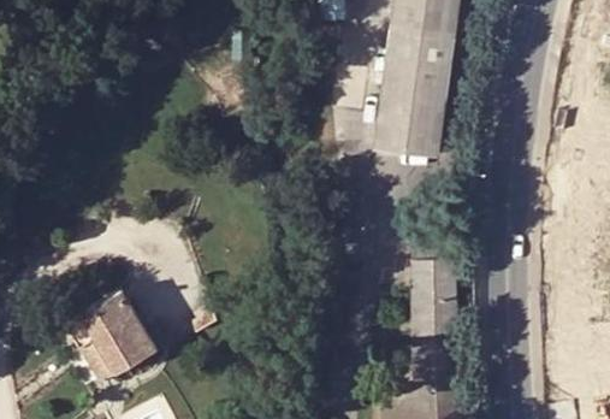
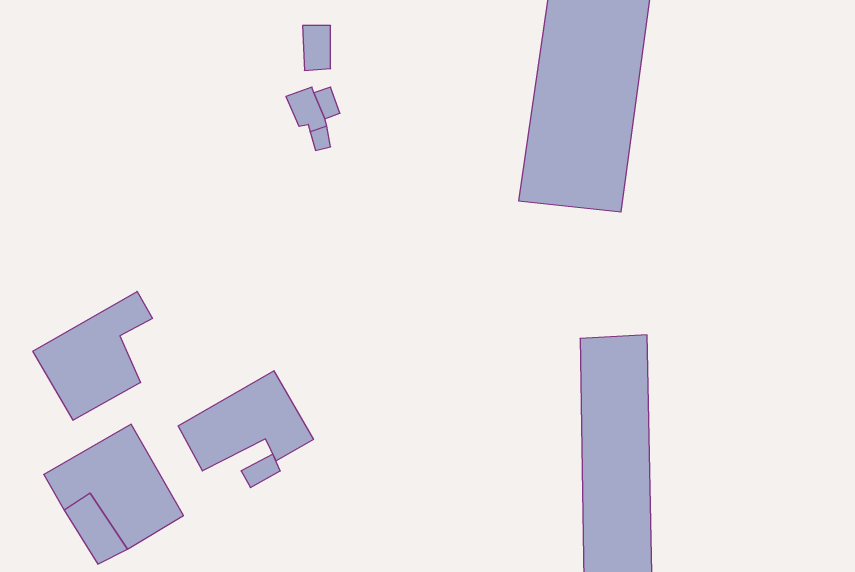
building: none -> [33,291,152,420]
building: none -> [178,371,313,471]

